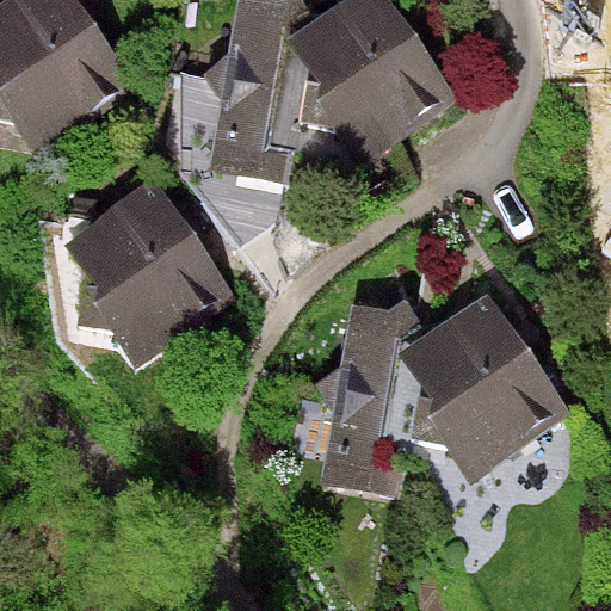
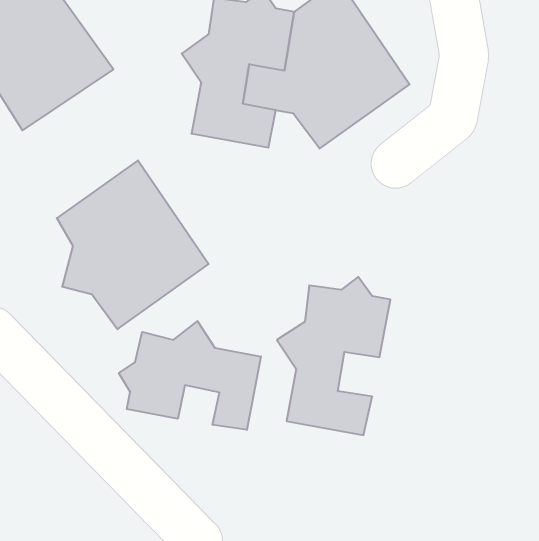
building: [377,298,564,487] -> none
building: none -> [119,321,261,430]

